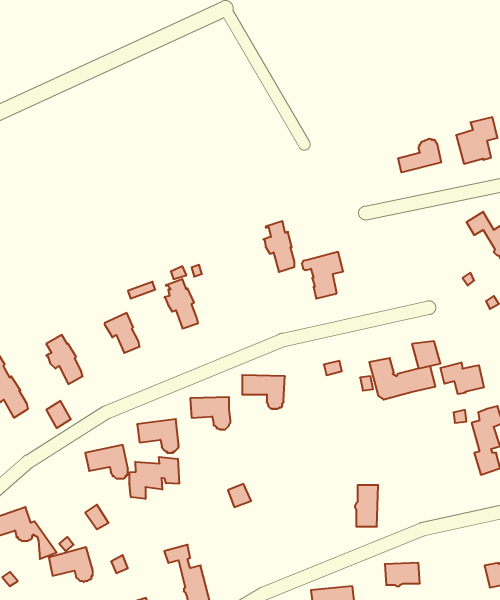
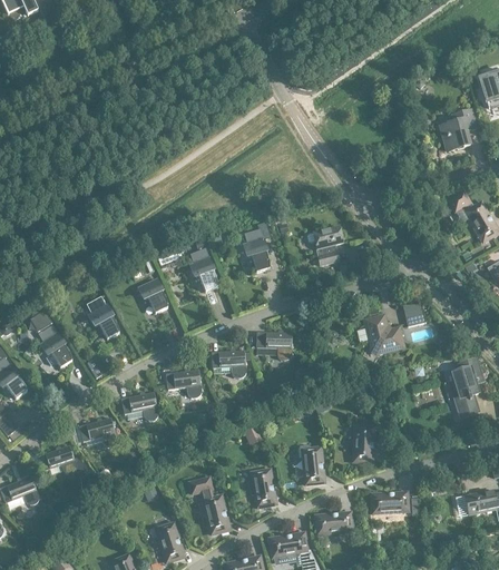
building: [398,139,441,172] -> none
building: [263,221,294,272] -> [242,229,268,273]
building: [440,362,484,394] -> none
building: [130,457,179,499] -> none
building: none -> [297,444,323,484]
building: none -> [251,470,274,508]
building: [49,547,93,582] -> [78,417,116,448]

